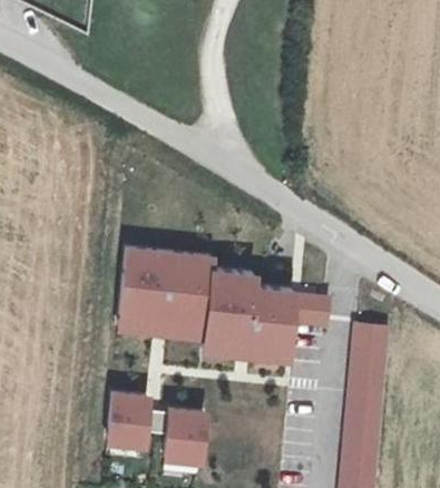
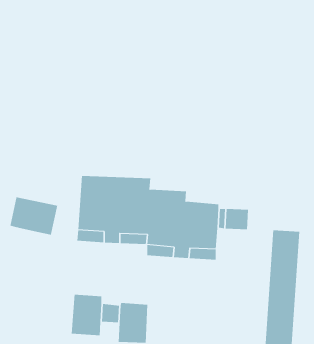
building: none -> [10,197,58,236]

